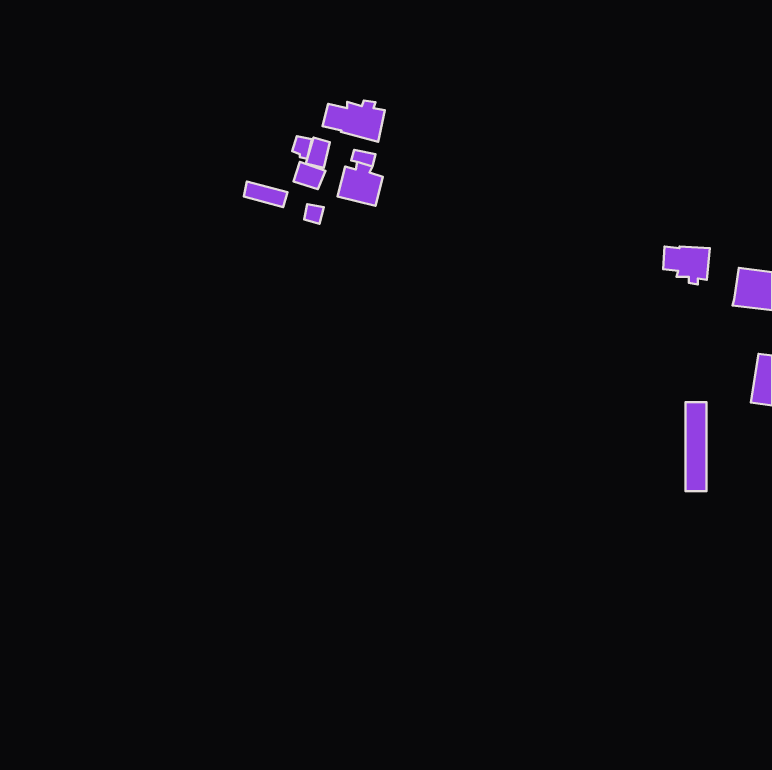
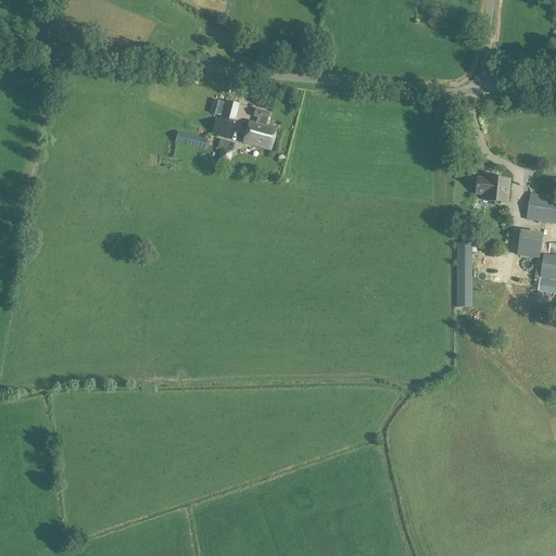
building: [323,100,385,142] -> none
building: none -> [517,228,543,257]
building: [685,402,707,491] -> [456,242,471,306]

